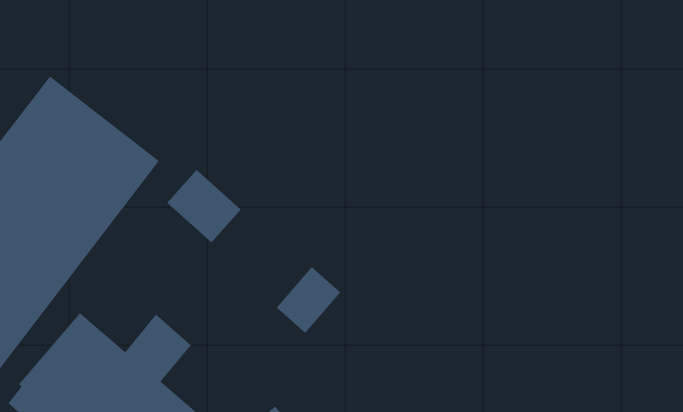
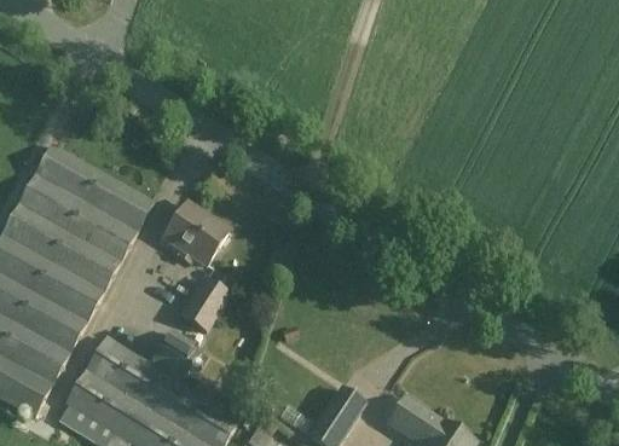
building: [276,266,341,334] -> [180,277,232,334]

